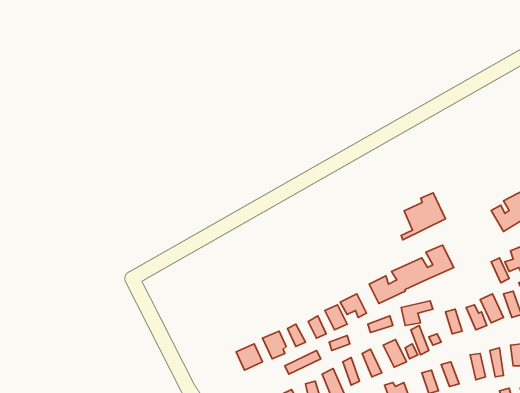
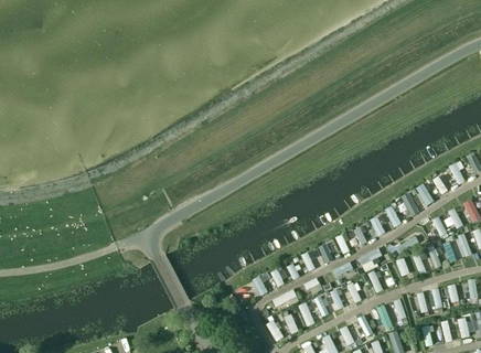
building: [401,193,446,240] -> [399,183,435,221]

